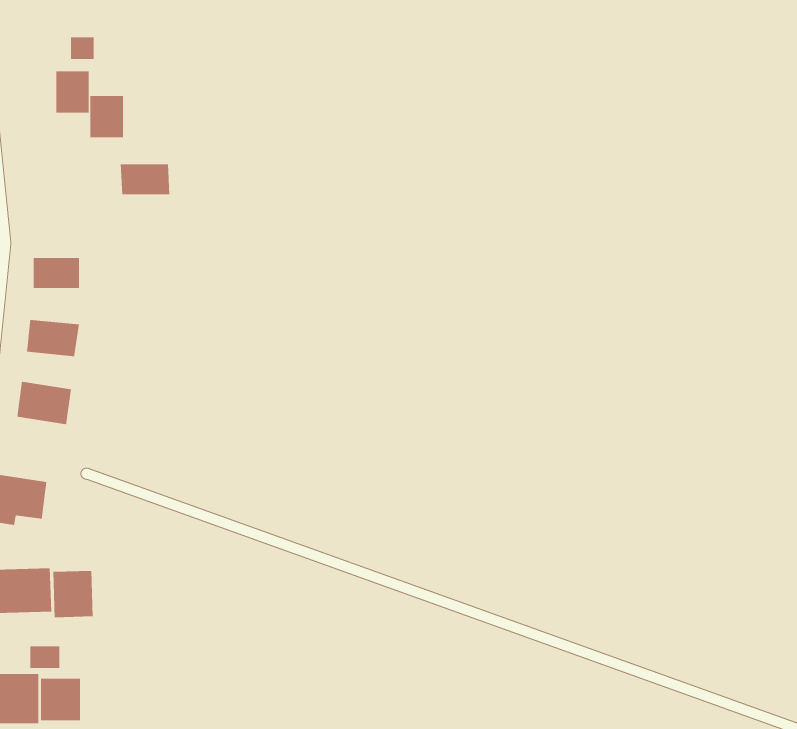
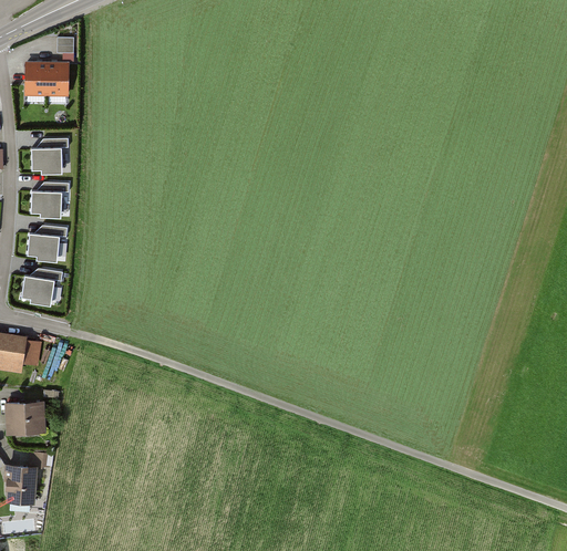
building: [90,96,124,138] -> [23,63,47,92]
building: [120,164,170,195] -> [30,147,64,168]
building: [53,570,93,618] -> none
building: [41,678,80,721] -> none

